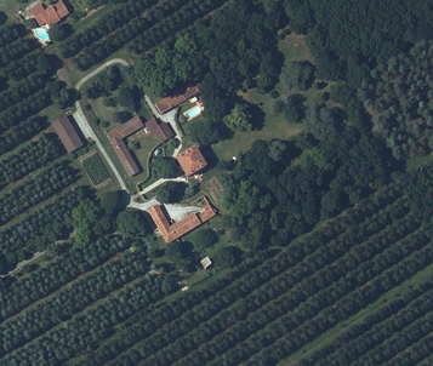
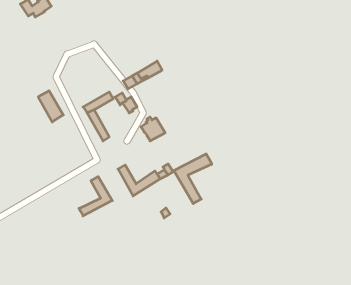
building: none -> [174,154,212,204]
building: none -> [79,177,112,216]

